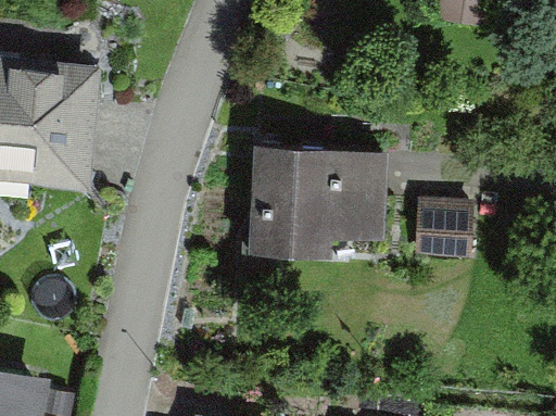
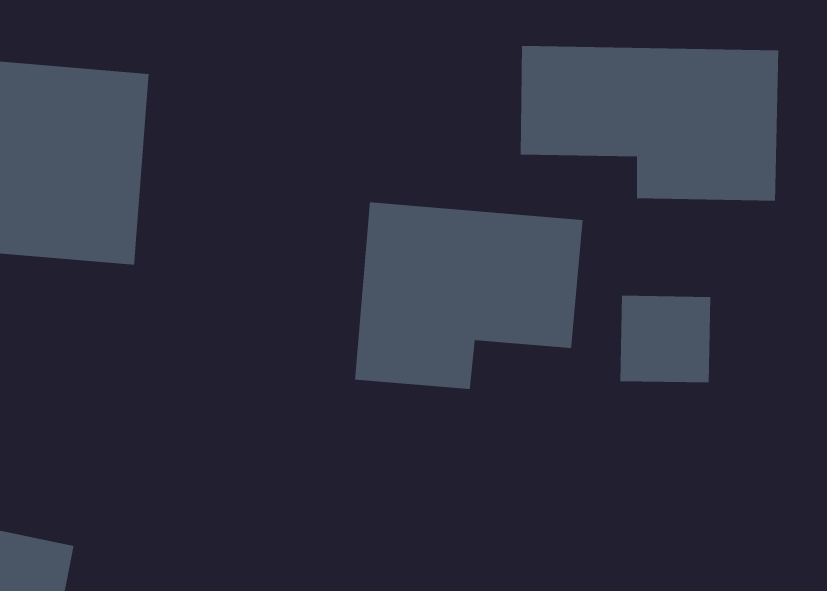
building: none -> [520,45,779,201]

